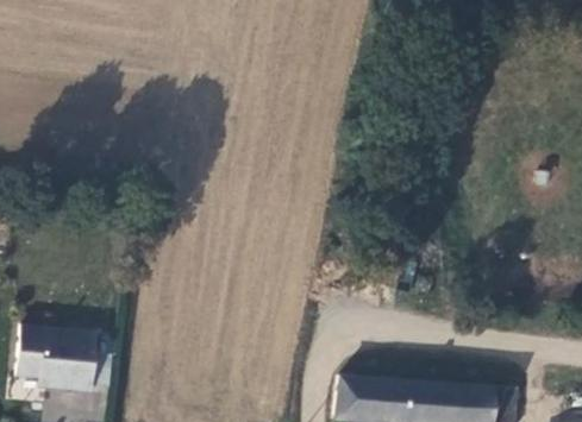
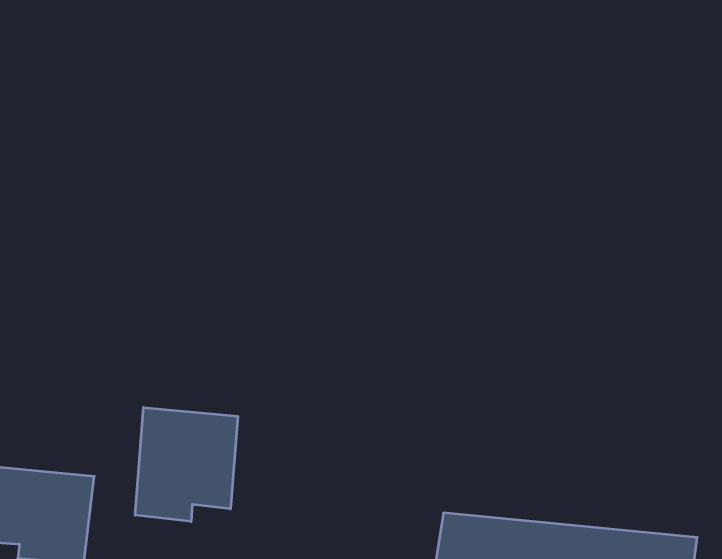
building: none -> [135,407,238,522]

